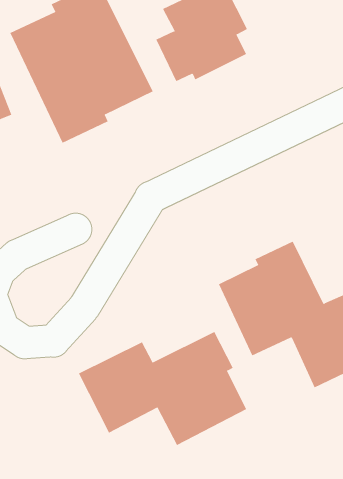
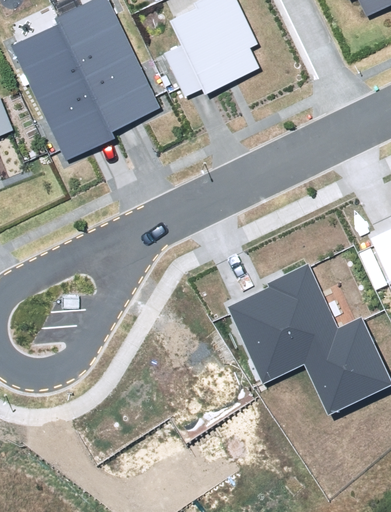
building: [78,331,247,446] -> none

